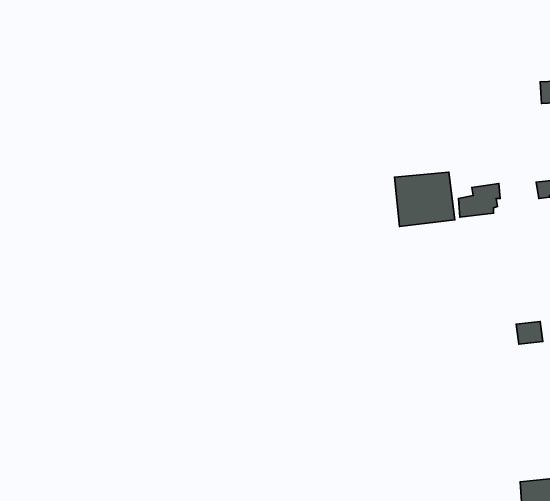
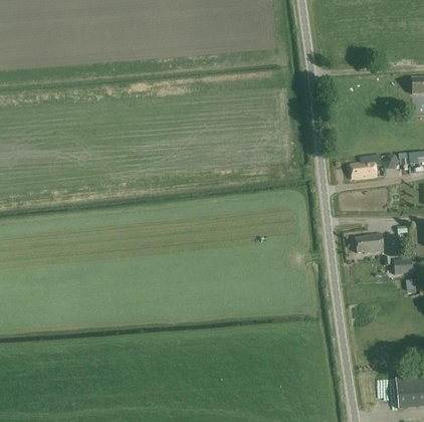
building: [395,172,455,226] -> none
building: none -> [356,233,384,253]

